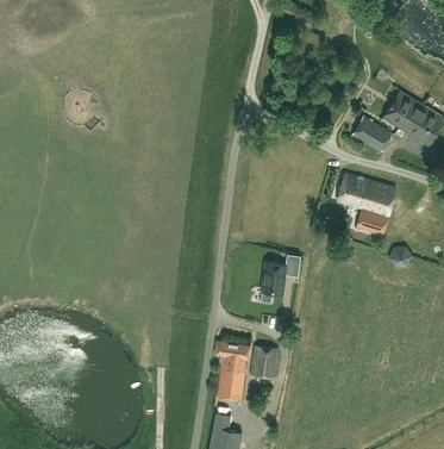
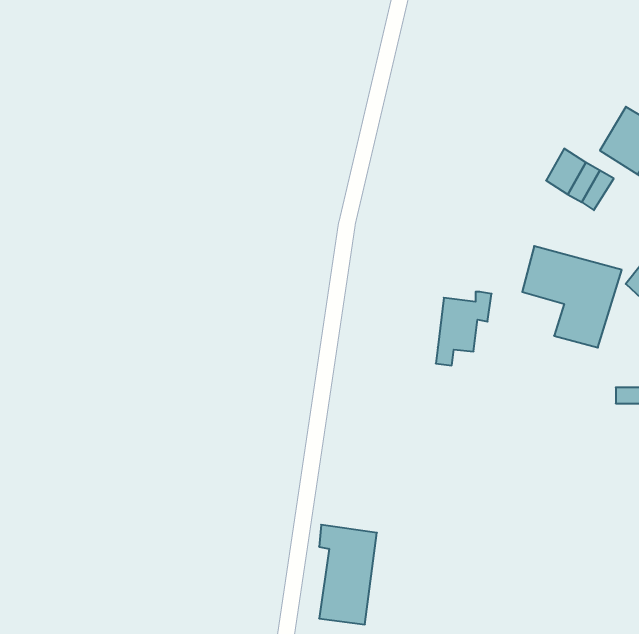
building: [262,258,295,303] -> [436,292,492,365]
building: [251,345,279,378] -> none

